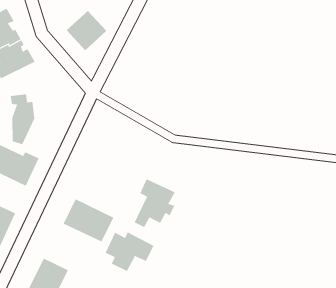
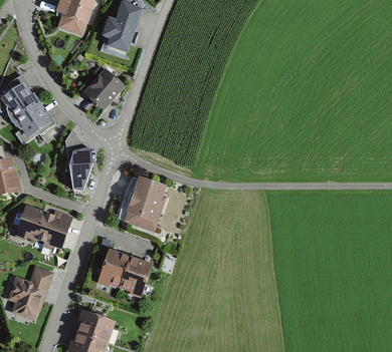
building: [10,94,35,145] -> [65,140,92,191]
building: [134,178,176,228] -> [126,177,164,225]
building: [105,232,154,272] -> none

